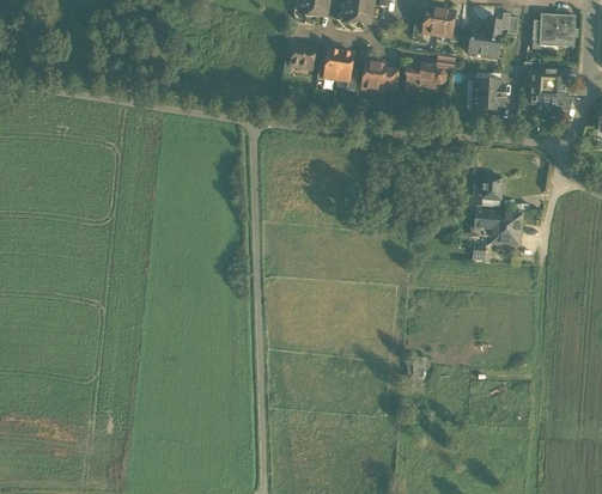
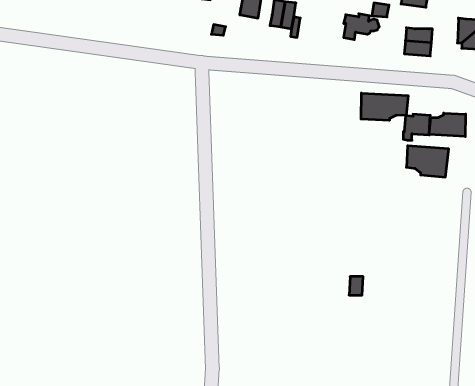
building: [363,62,400,90] -> none
building: none -> [361,93,408,120]
building: none -> [429,113,466,137]

